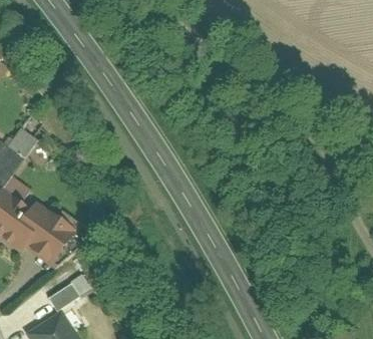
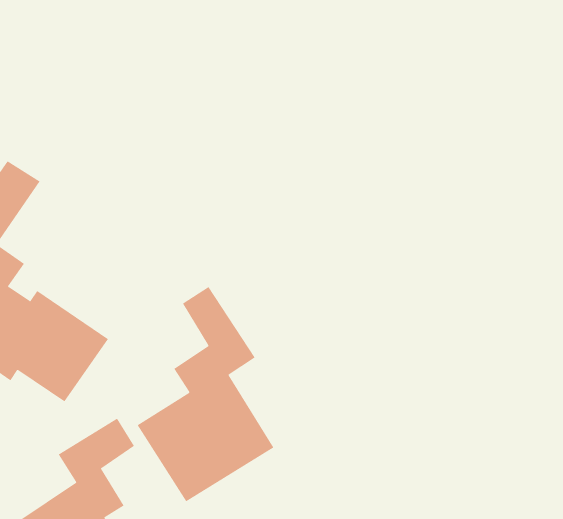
building: none -> [137,286,274,502]

